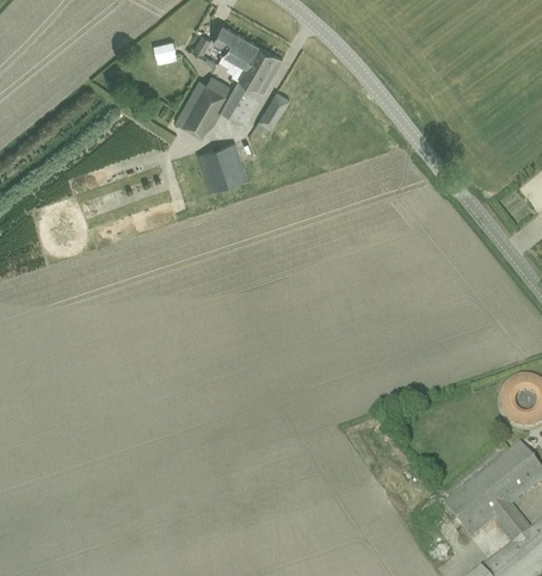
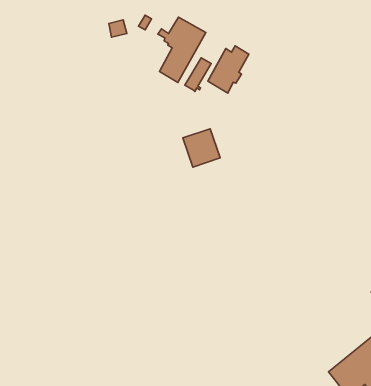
building: [213,23,246,57] -> none
building: [175,73,229,135] -> [208,46,249,93]
building: [198,140,247,190] -> [183,129,220,167]

